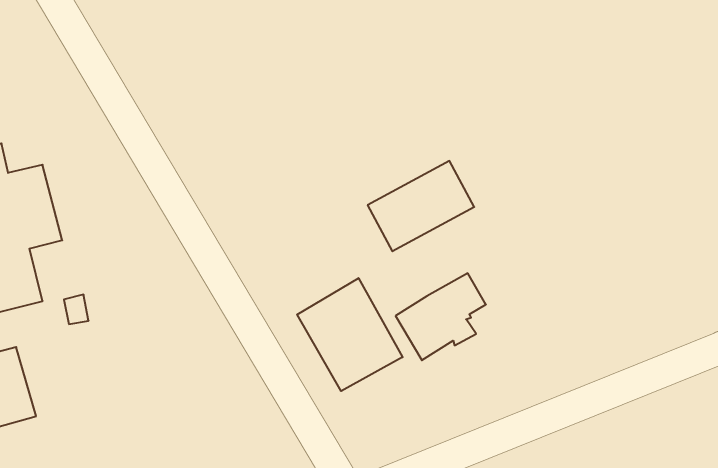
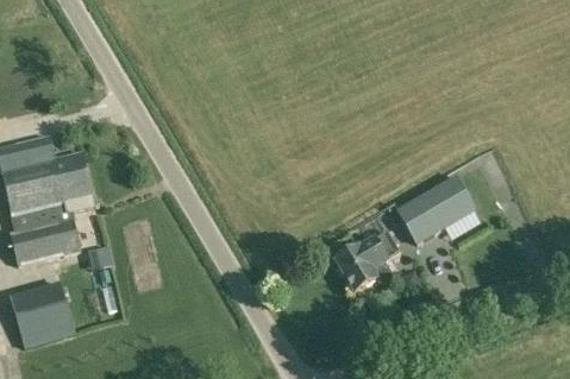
building: [368,161,474,251] -> [399,176,476,241]
building: [297,278,403,391] -> none

